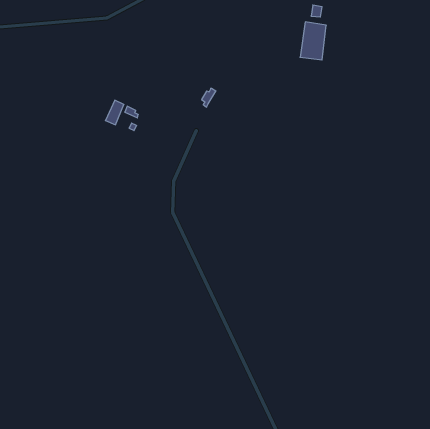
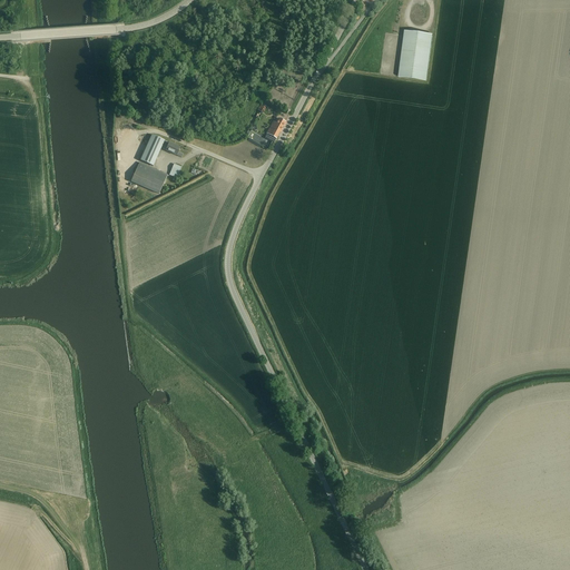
building: none -> [130,160,167,193]

